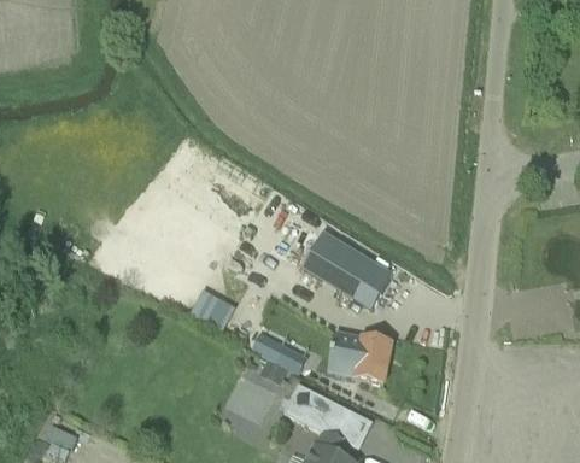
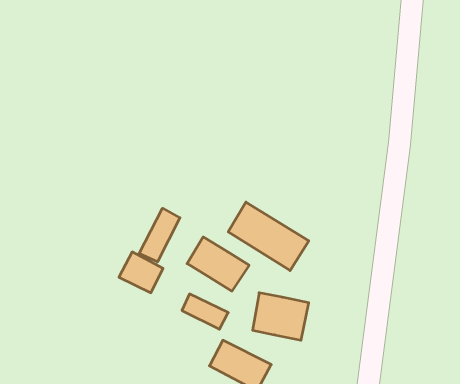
building: none -> [139,208,180,262]
building: none -> [187,237,249,291]

